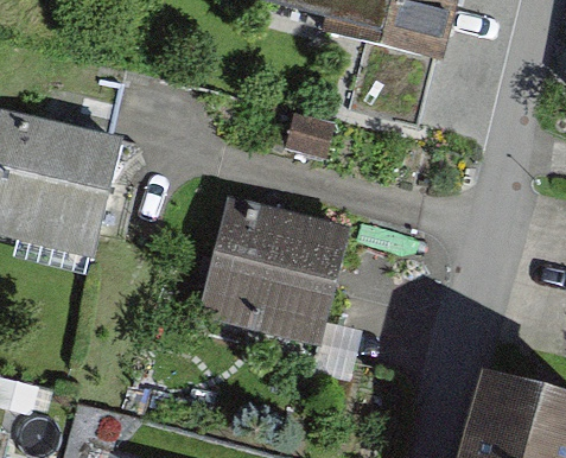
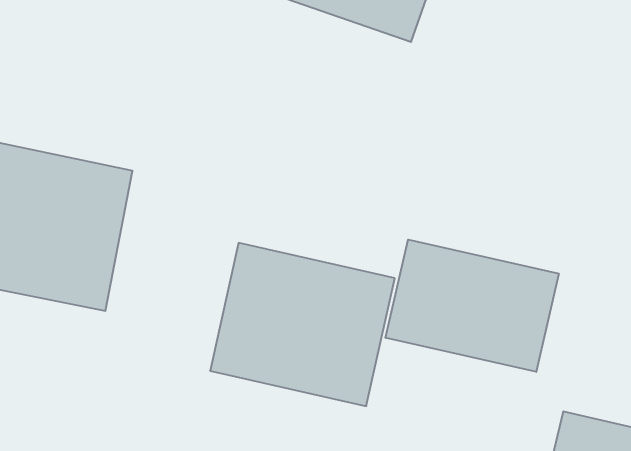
building: none -> [386,240,559,372]

